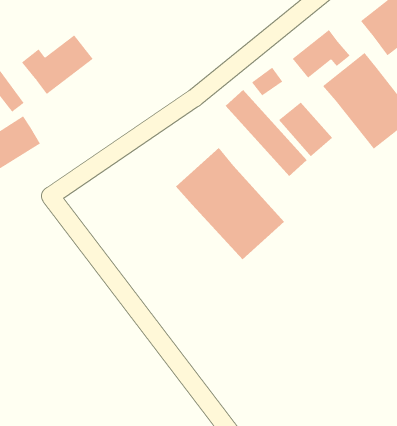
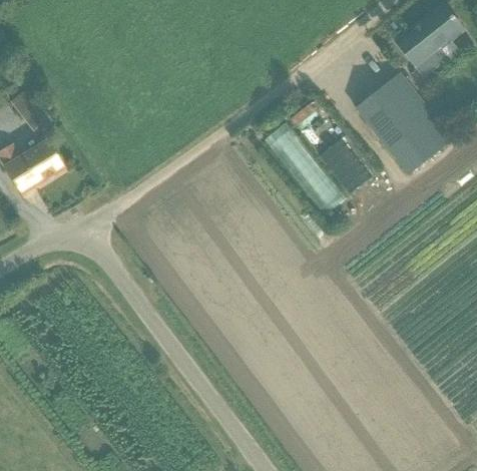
building: [292,29,350,79] -> none
building: [21,34,93,95] -> none
building: [175,147,285,260] -> none

